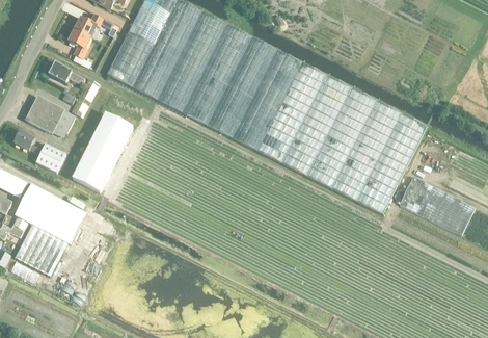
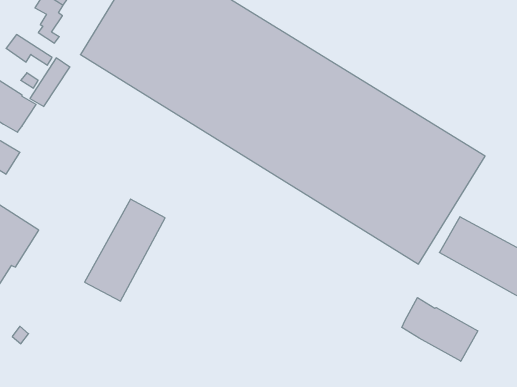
building: [74,111,132,191] -> [85,199,165,301]
building: none -> [402,298,478,361]

